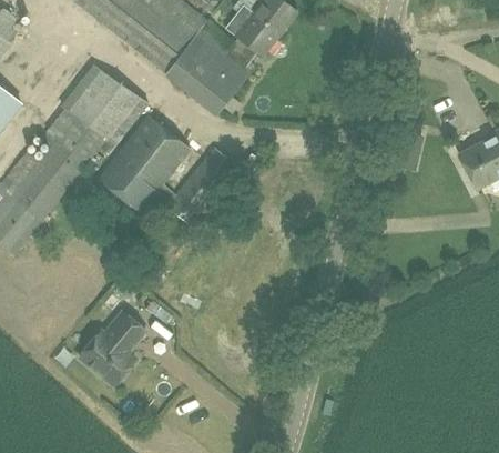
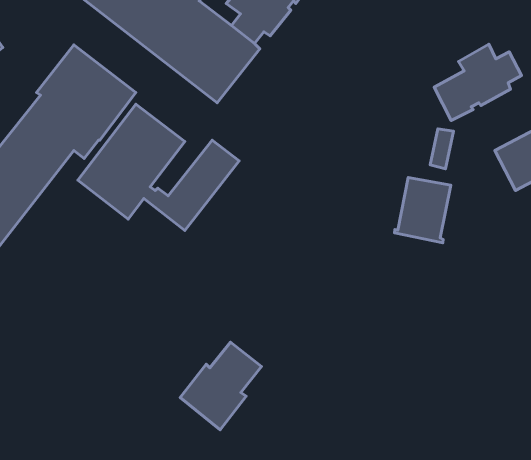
building: none -> [434,44,522,120]
building: none -> [394,177,451,243]
building: [79,311,149,386] -> [180,342,262,430]

